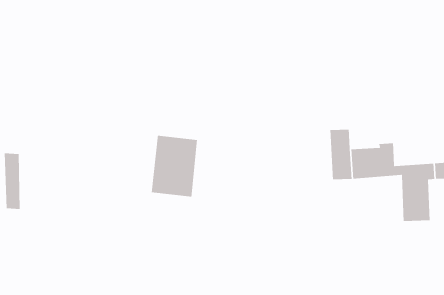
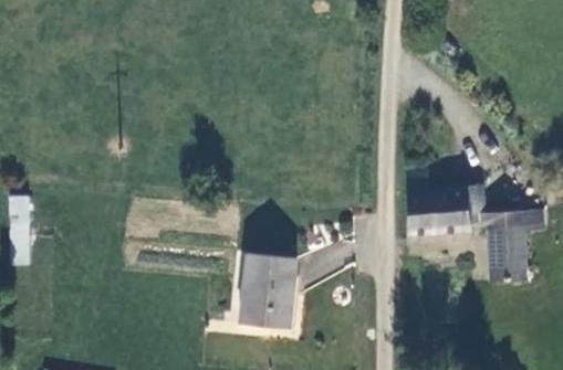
building: [151,135,198,197] -> [238,252,294,327]

